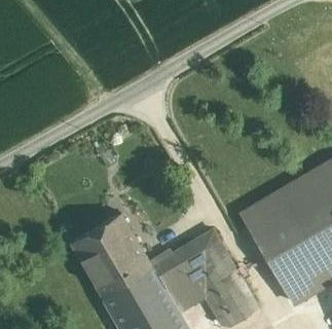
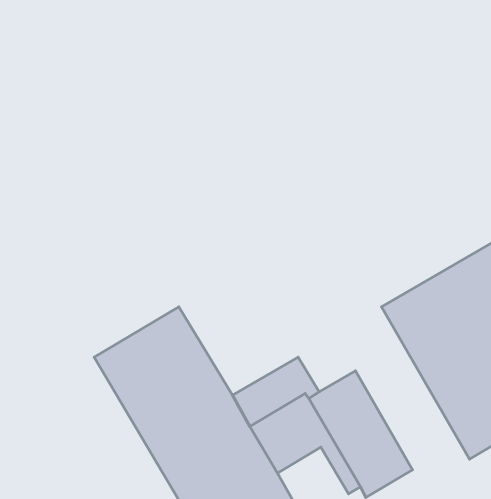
building: [191,231,225,264] -> none

